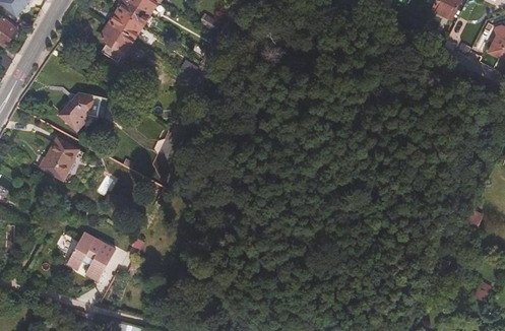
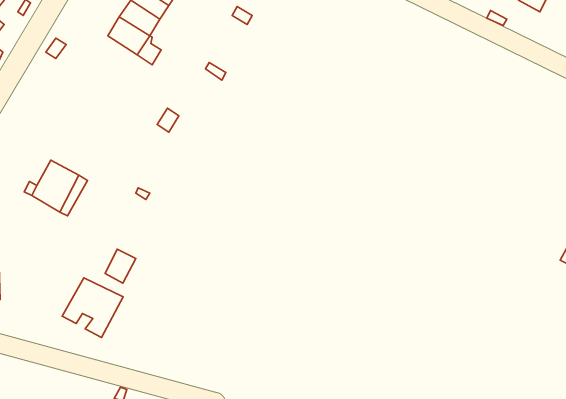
building: [60,95,108,132] -> none
building: none -> [105,249,136,283]

